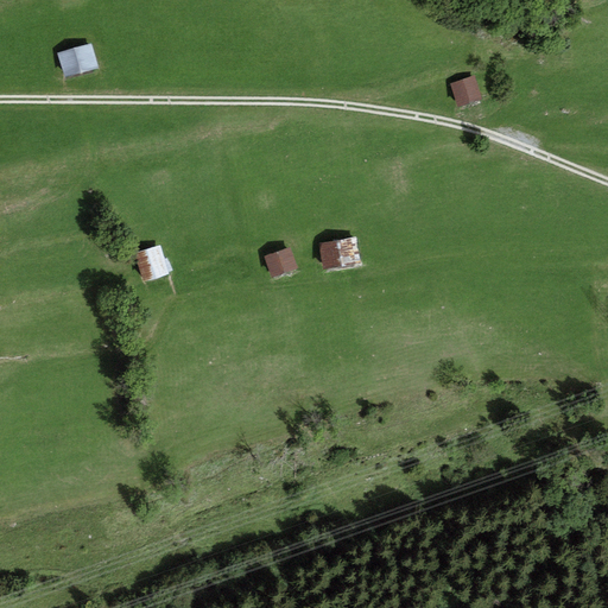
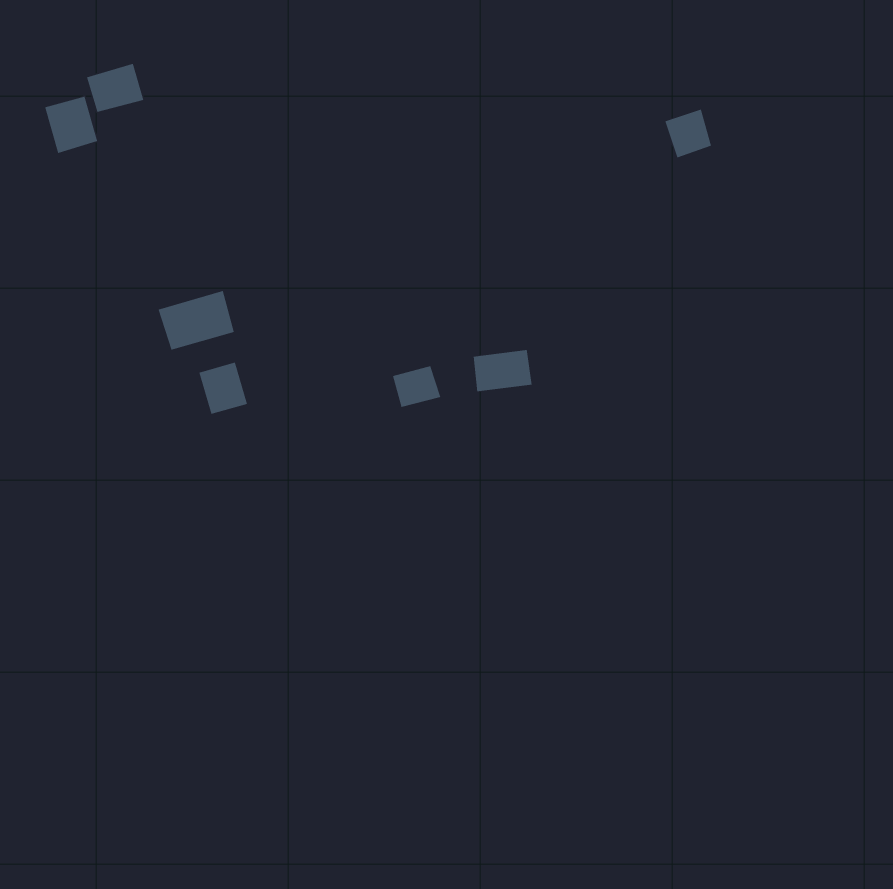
building: none -> [44,96,98,154]
building: none -> [158,290,235,351]

